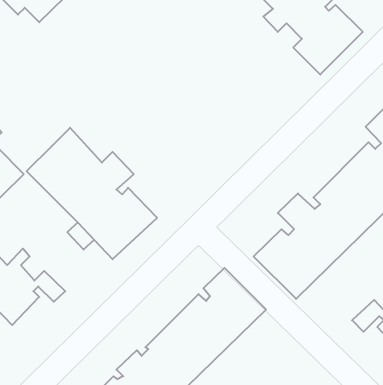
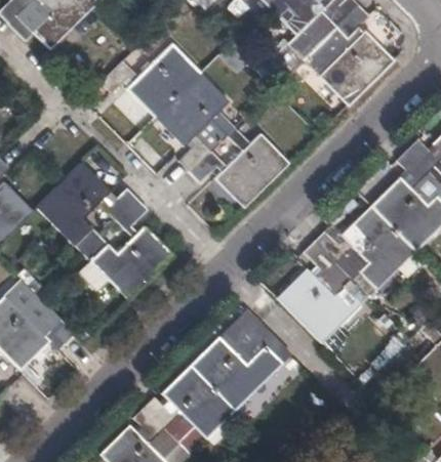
building: none -> [99,38,288,207]

